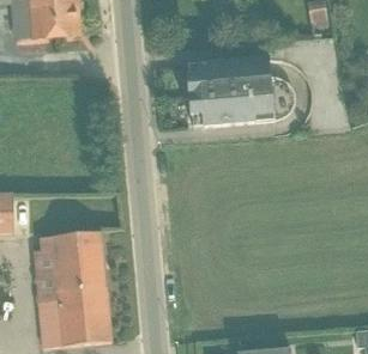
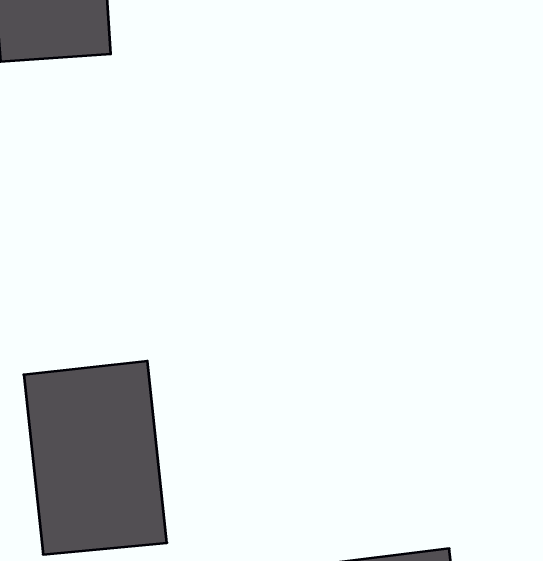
building: [188,53,283,122] -> none

